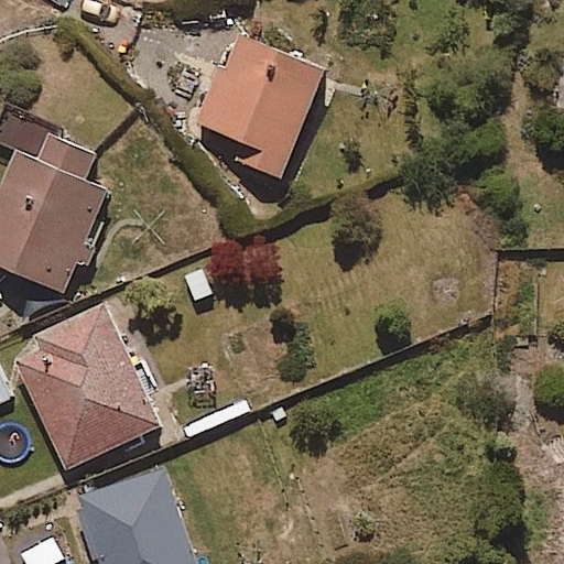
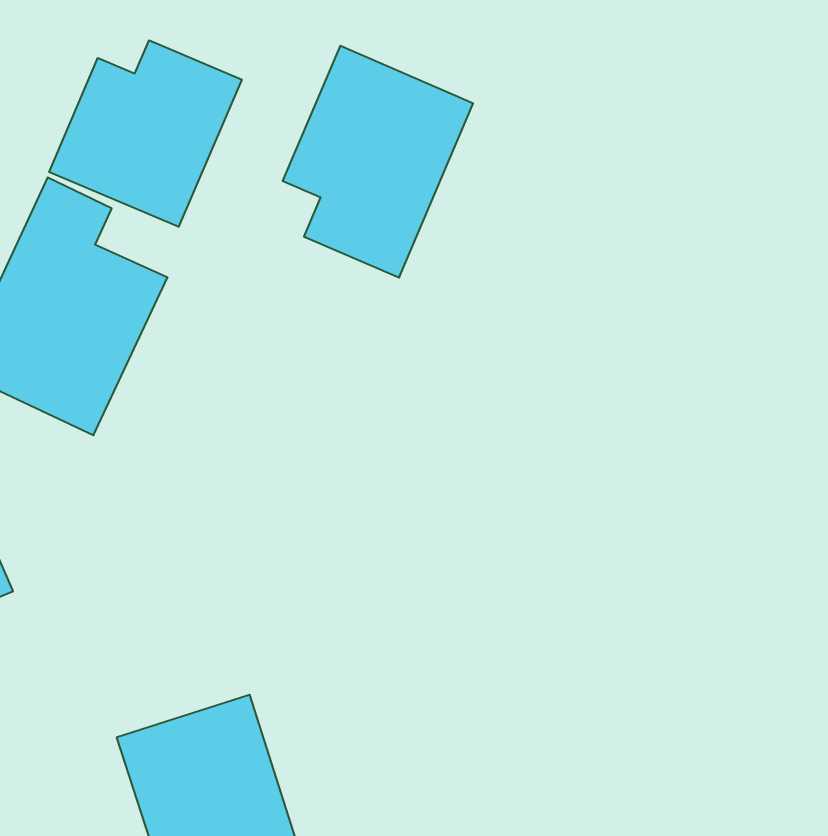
building: none -> [49,40,242,227]
building: [9,304,163,469] -> none

